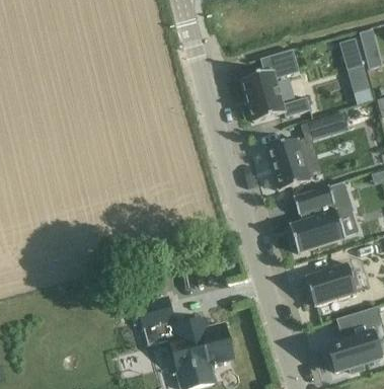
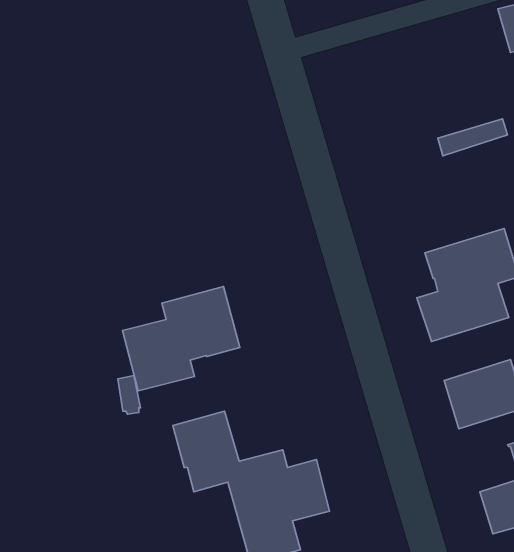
building: [242,49,311,122] -> none
building: [266,138,311,189] -> none
building: none -> [123,286,240,391]

